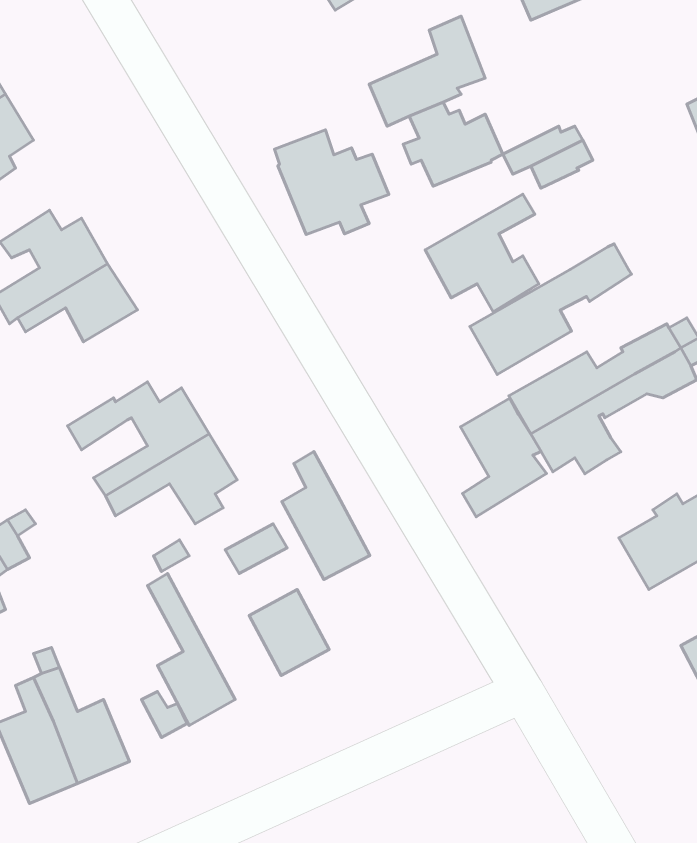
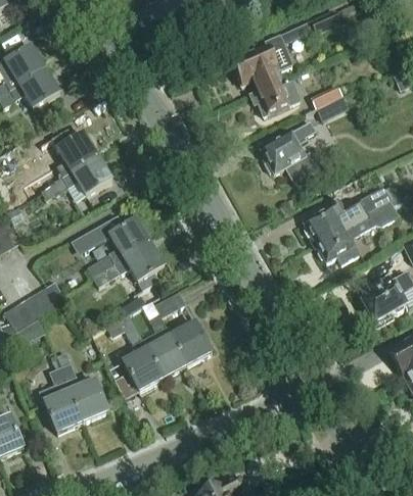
building: [275,130,389,234] -> none
building: [470,244,631,374] -> none
building: [461,398,547,517] -> none
building: [282,452,370,579] -> [141,313,186,379]

